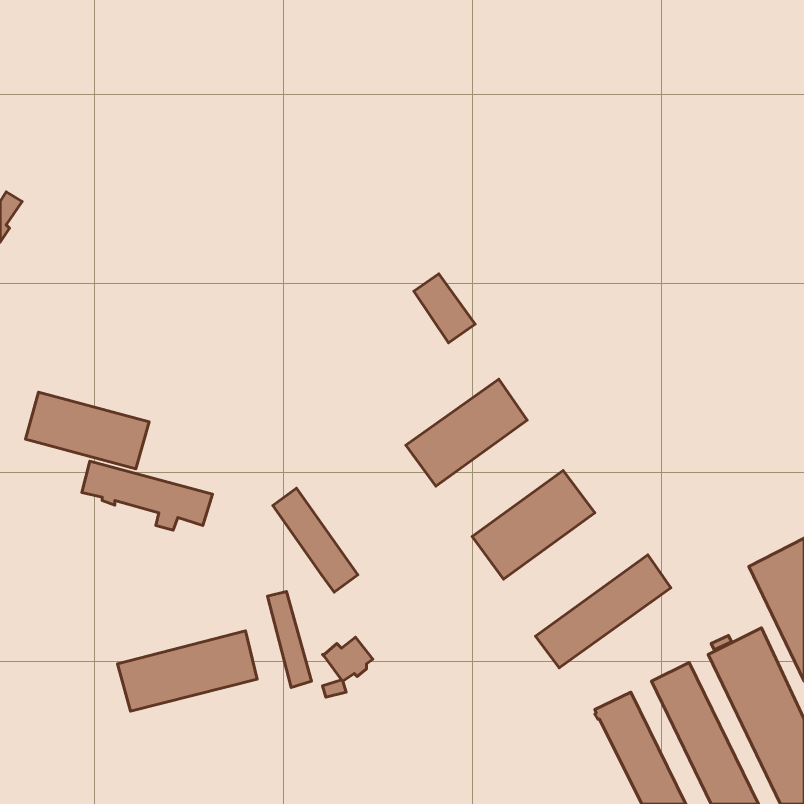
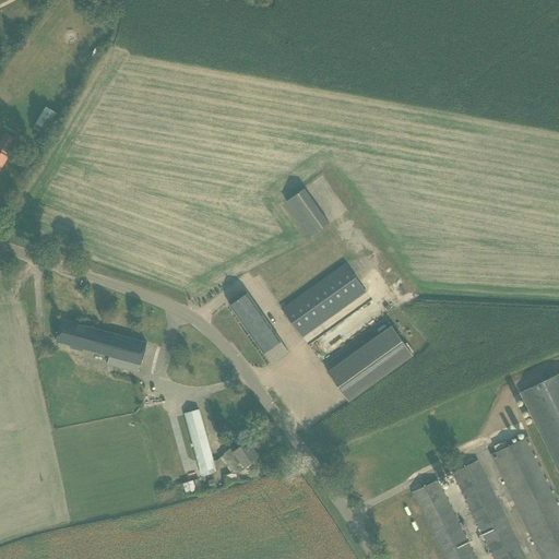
building: [25,392,149,469] -> none
building: [273,488,358,592] -> [230,294,289,366]
building: [535,555,671,668] -> none
building: [117,631,257,711] -> none

